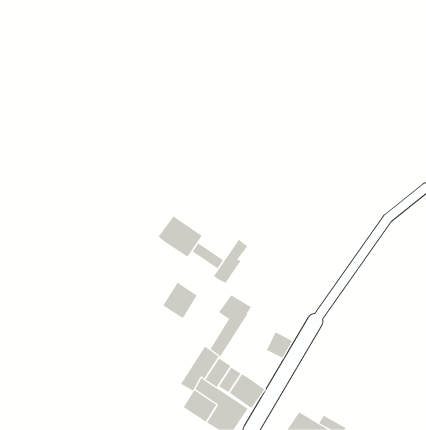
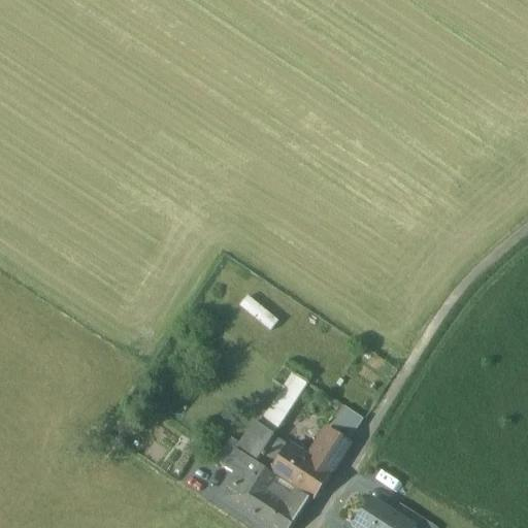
building: [158,216,203,258] -> none
building: [213,239,248,284] -> none
building: [162,282,198,319] -> none
building: none -> [303,431,344,477]

